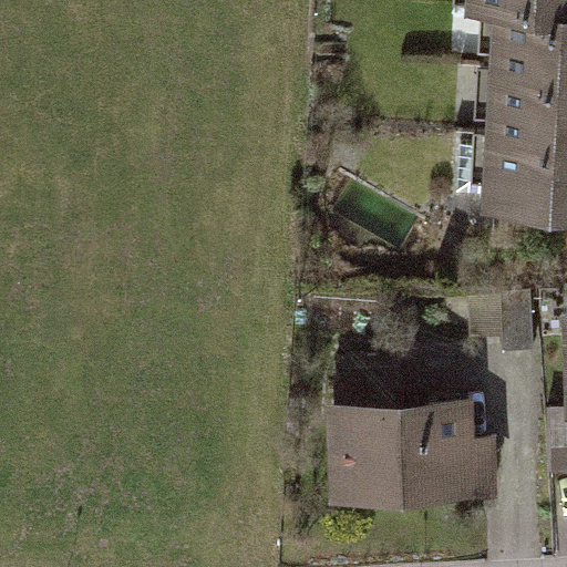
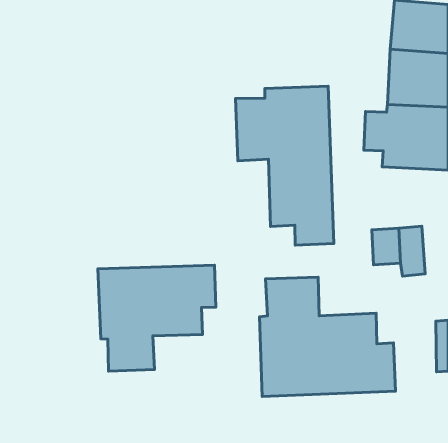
building: none -> [235,86,334,245]
building: none -> [98,265,216,371]

